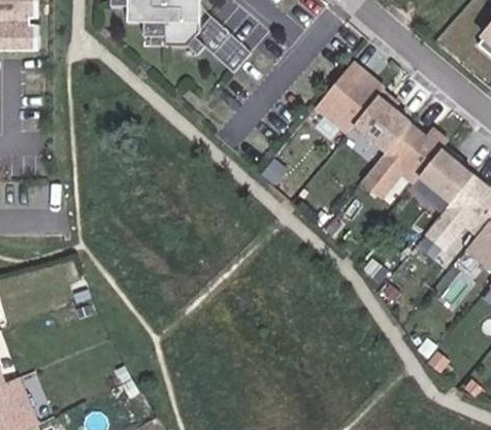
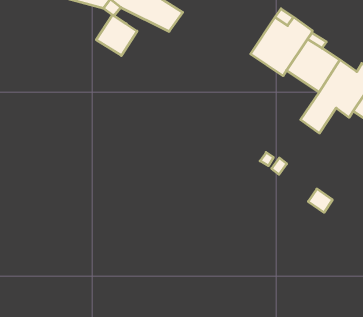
building: none -> [96,15,137,56]

